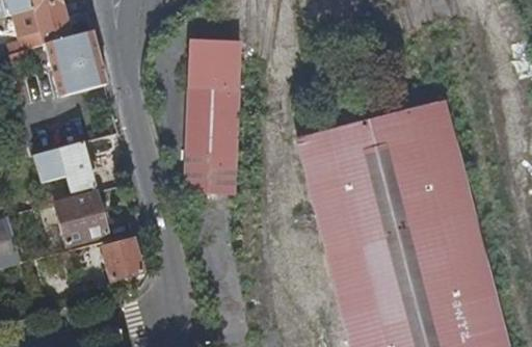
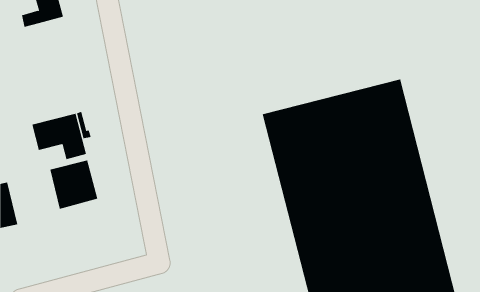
building: [48,28,110,94] -> none
building: [179,43,235,195] -> none
building: [112,237,148,277] -> none

